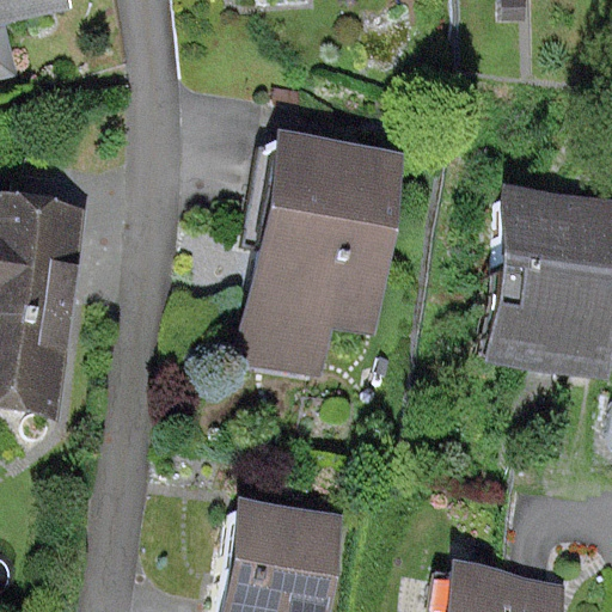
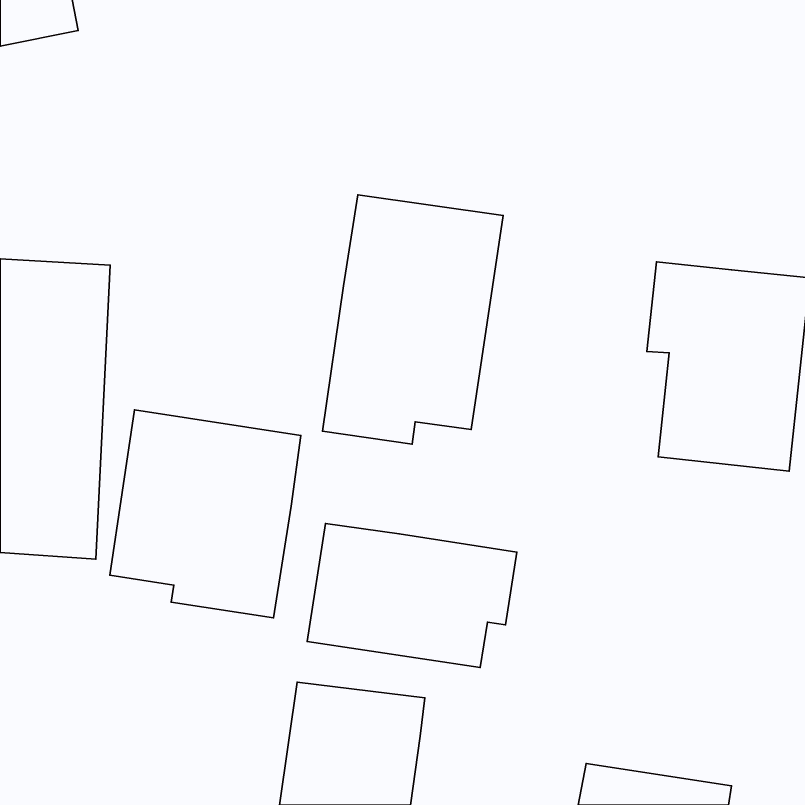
building: none -> [110,410,301,618]
building: none -> [307,523,517,668]

